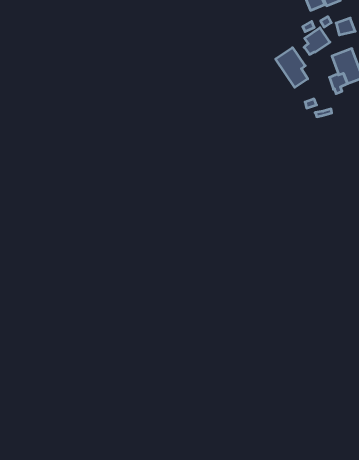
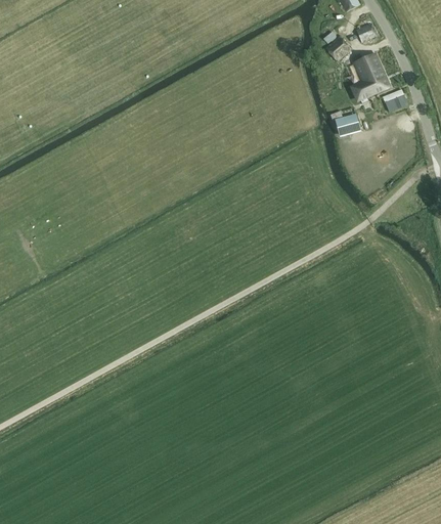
building: [276,48,308,87] -> none

